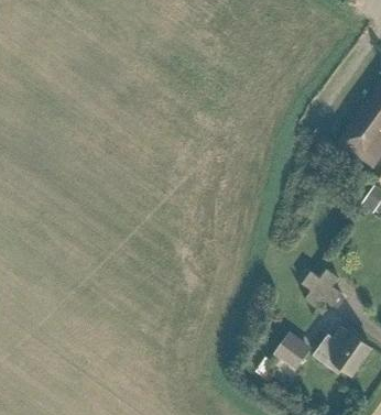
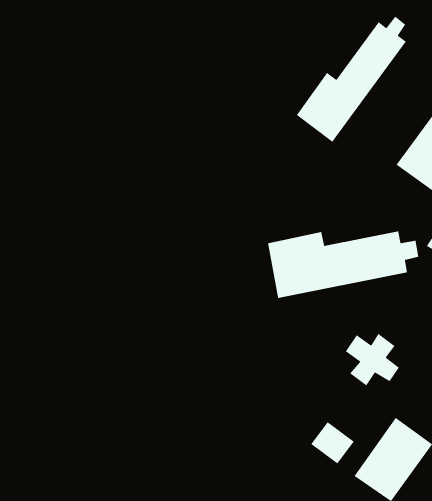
building: none -> [296,16,407,143]
building: none -> [267,230,419,299]

